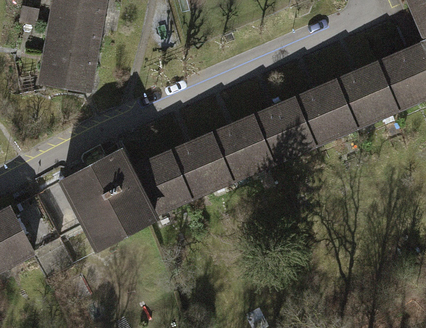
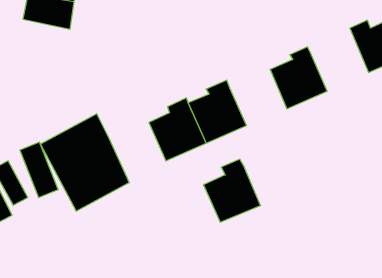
building: [39,53,93,91] -> none
building: [337,62,396,126] -> none
building: [255,97,313,161] -> [204,159,261,222]
building: [133,152,190,214] -> none

